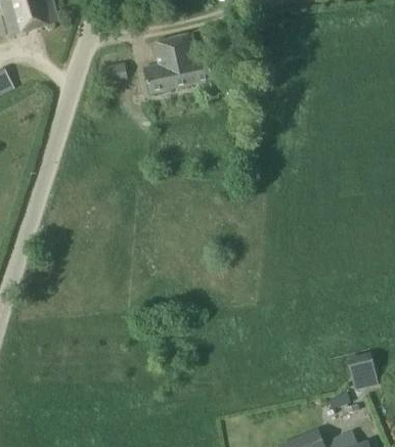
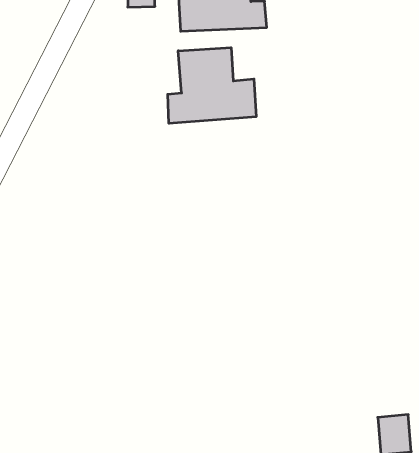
building: none -> [168,48,256,123]

